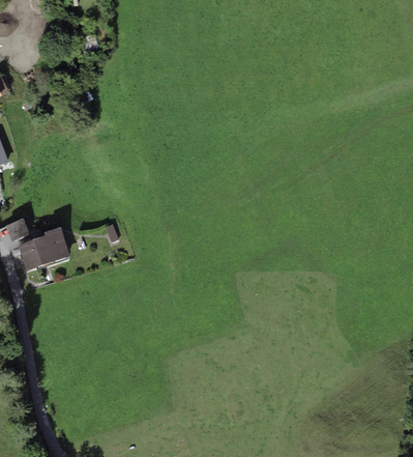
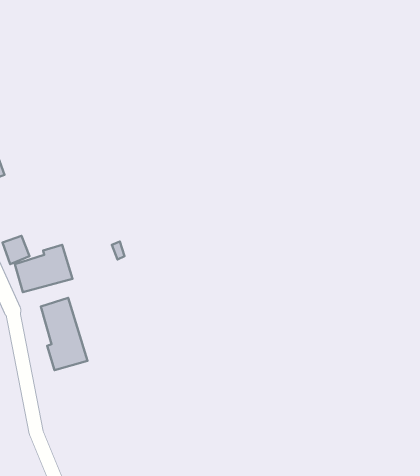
building: none -> [41,298,88,370]

